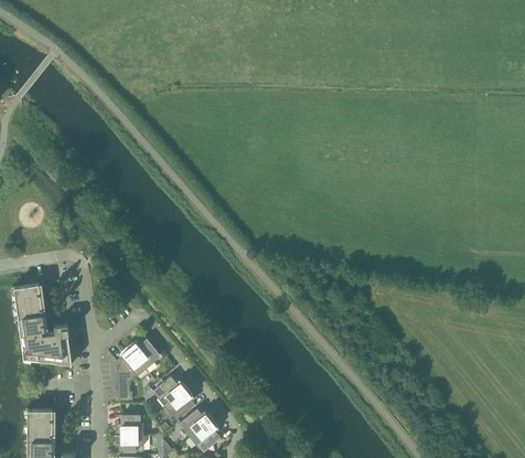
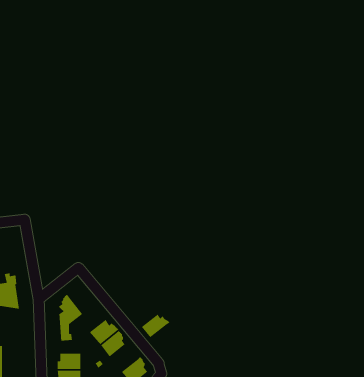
building: [127,337,161,370] -> none
building: [179,408,213,437] -> [141,314,170,338]

